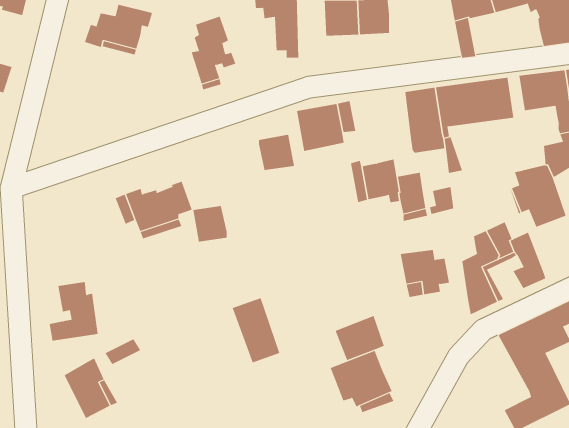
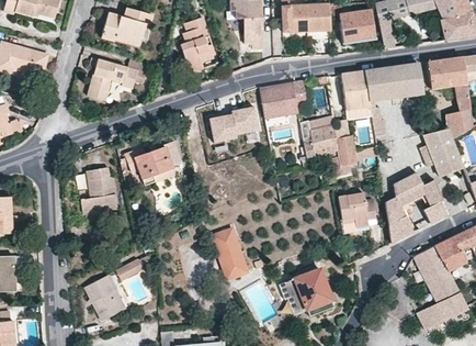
building: none -> [340,10,376,43]
building: none -> [89,57,138,100]
building: [192,206,227,242] -> [211,113,237,141]
building: [49,281,99,341] -> [81,167,118,212]
building: [335,315,385,361] -> none

